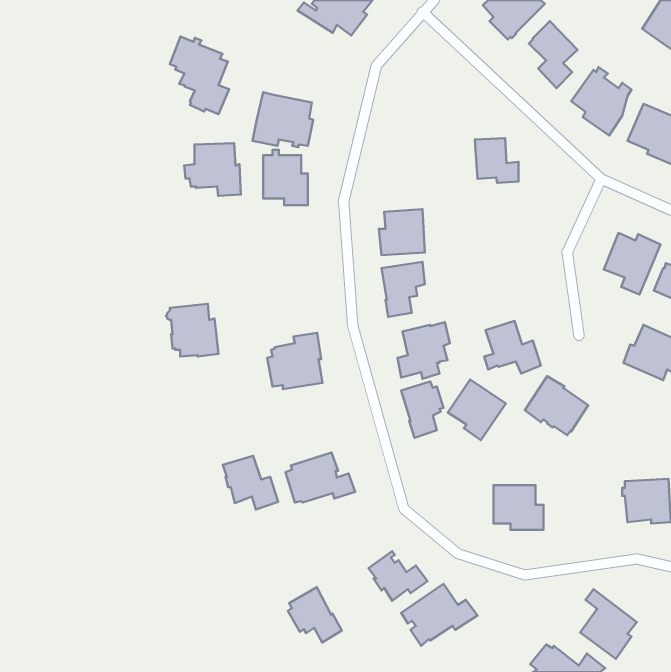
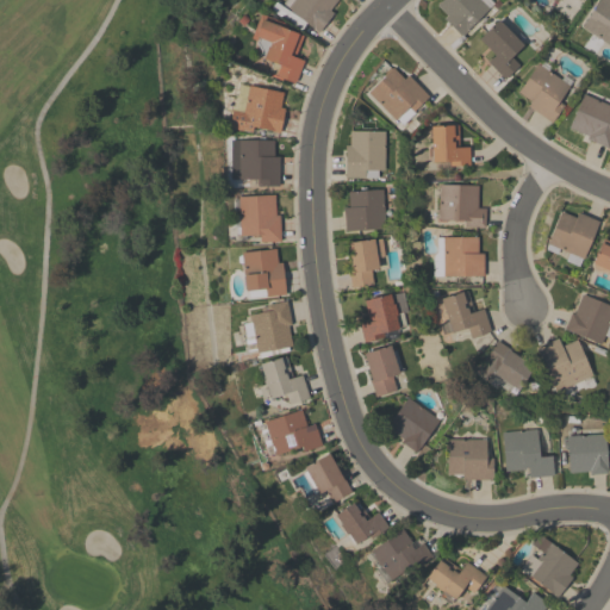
building: [170,37,229,114] -> [251,13,305,83]
building: none -> [369,68,430,125]
building: [184,143,241,196] -> [230,195,281,243]
building: none -> [347,131,386,178]
building: none -> [438,185,486,228]
building: none -> [434,237,484,276]
building: [166,304,218,357] -> [238,249,286,297]
building: none -> [536,338,595,392]
building: [448,380,506,440] -> [387,398,440,453]
building: [223,456,278,510] -> [260,356,310,405]
building: none -> [502,429,554,478]
building: [288,587,342,642] -> [303,453,351,503]
building: none -> [427,556,486,604]

